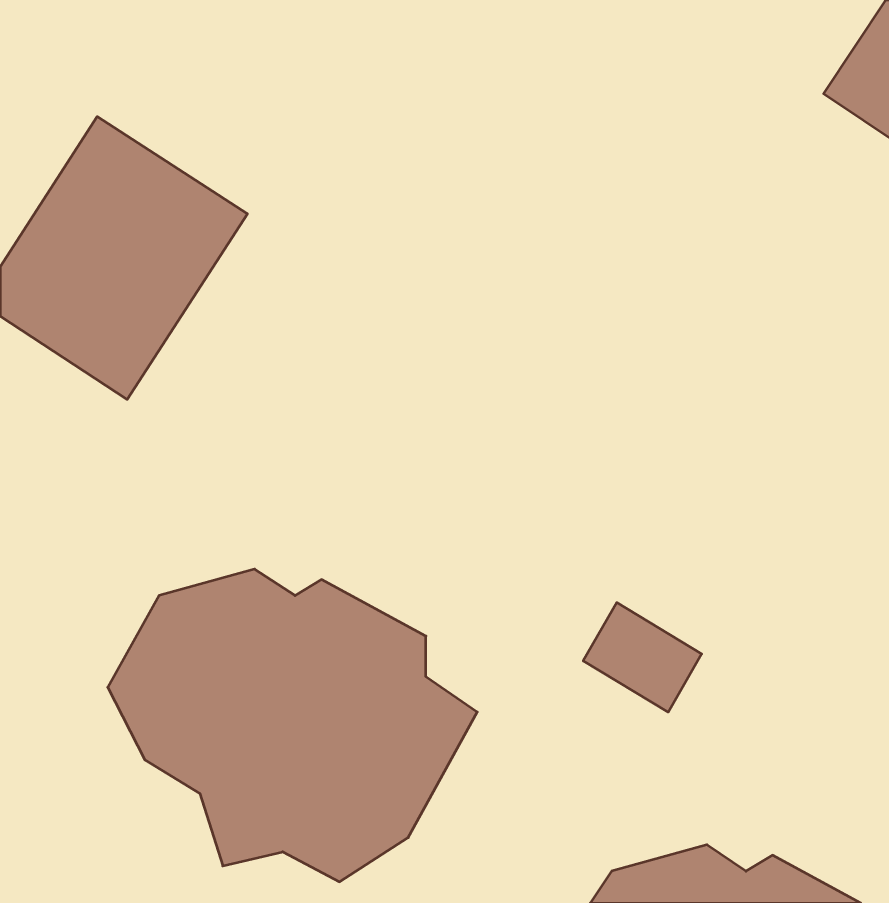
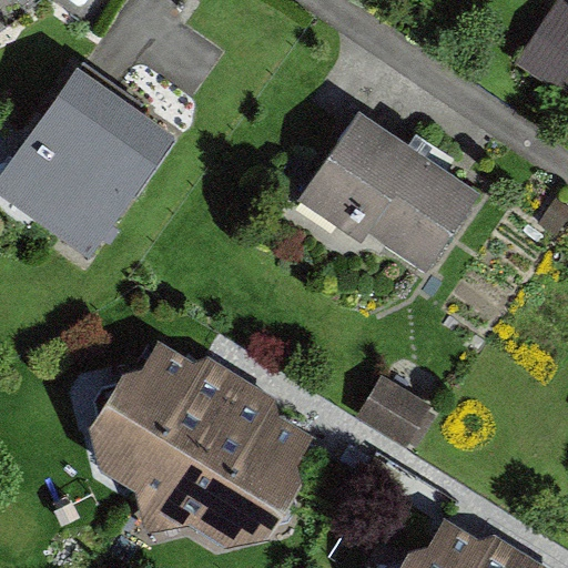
building: none -> [300,105,486,278]

